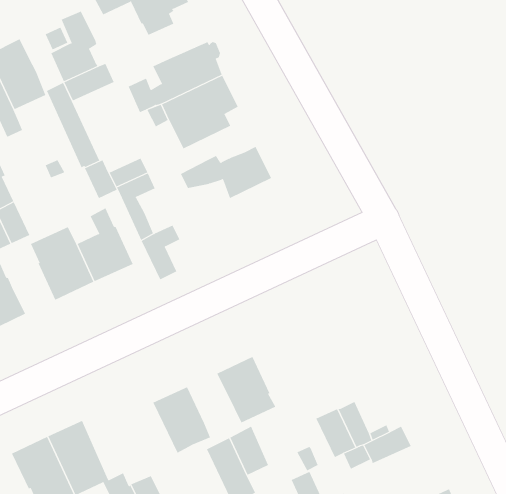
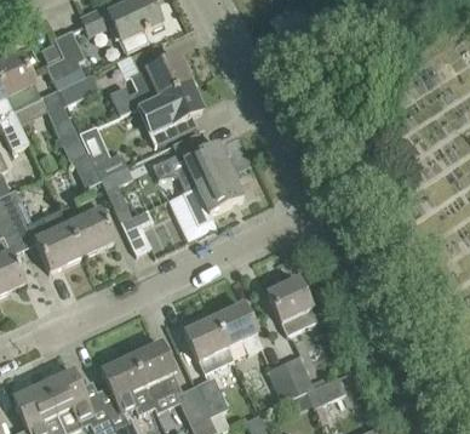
building: none -> [183,169,243,224]
building: none -> [268,278,317,333]
building: none -> [214,303,263,352]
building: none -> [102,355,154,413]

